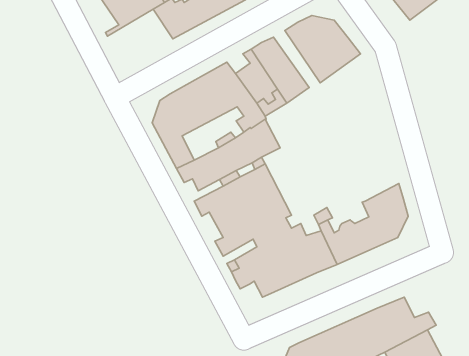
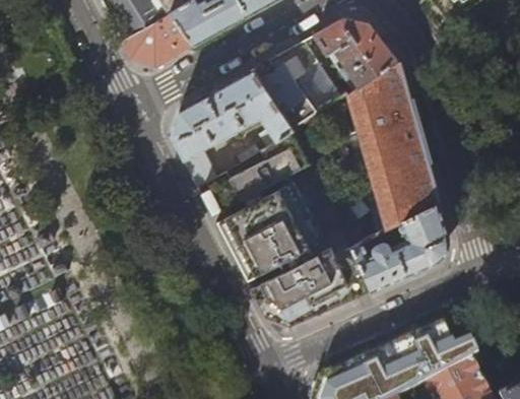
building: none -> [121,11,192,65]
building: none -> [349,60,438,228]

